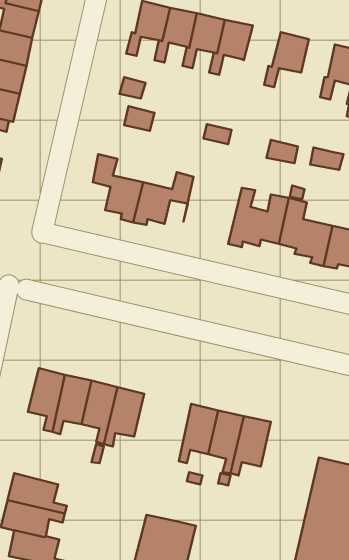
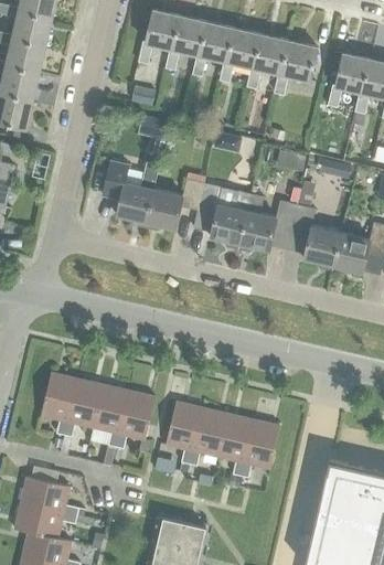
building: none -> [246,34,289,89]
building: none -> [193,183,250,249]
building: none -> [166,402,201,463]

